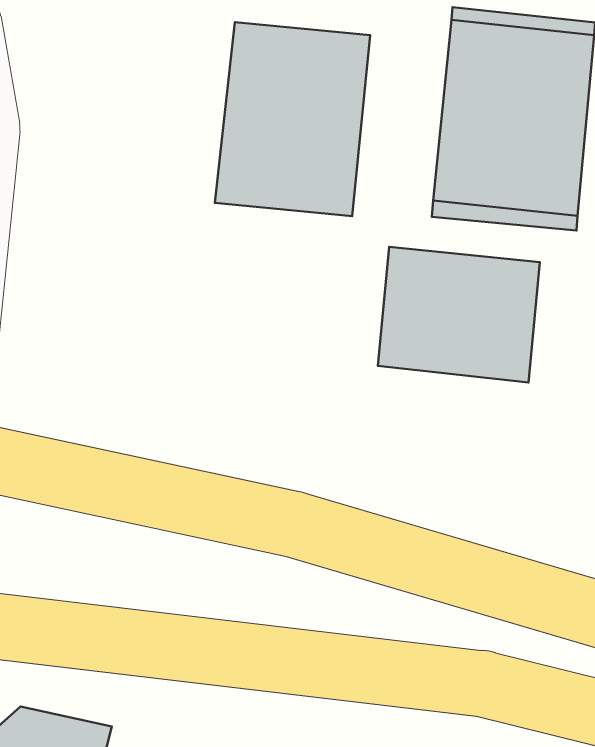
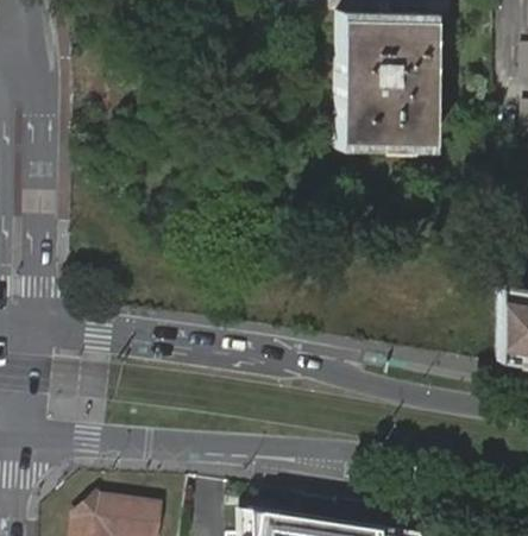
building: [215,22,370,216] -> none
building: [378,247,540,383] -> none

